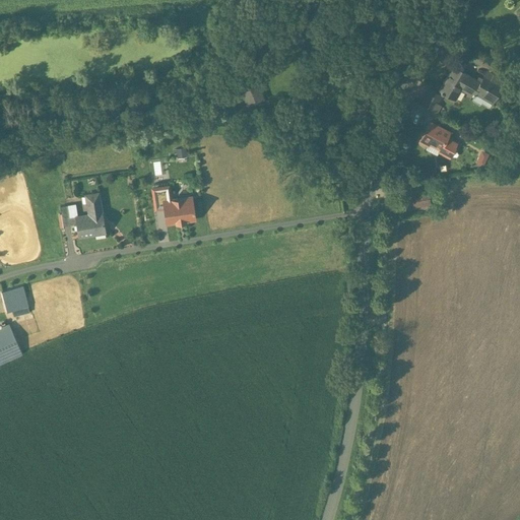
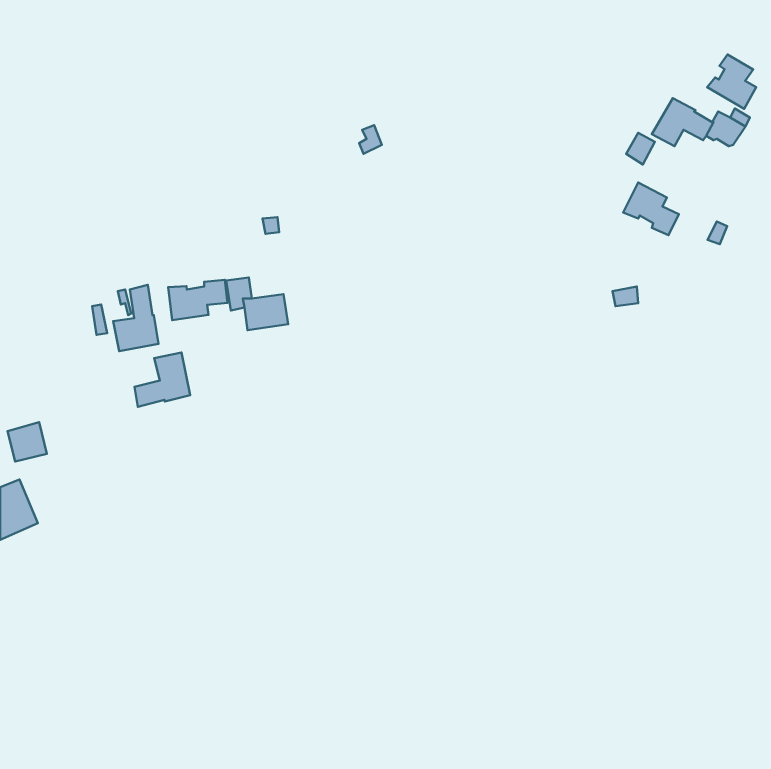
building: none -> [707,54,756,109]
building: none -> [168,280,228,320]
building: none -> [135,353,190,407]

